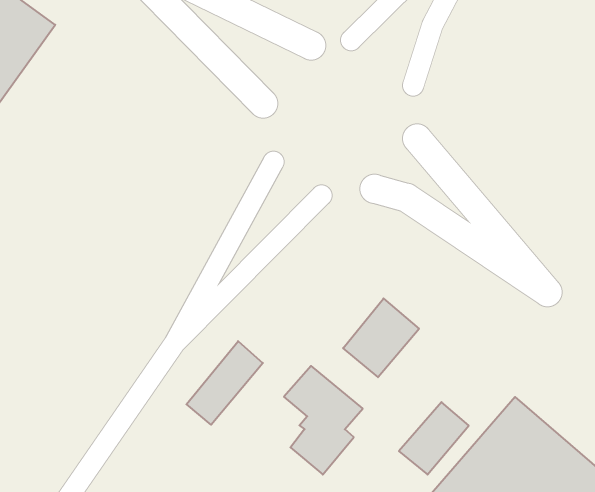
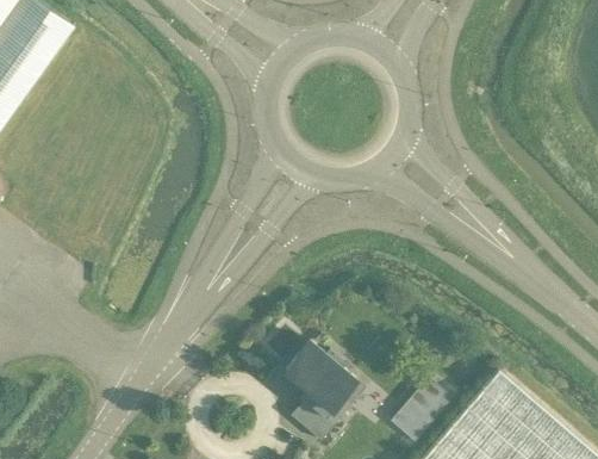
building: [343,298,419,377] -> none
building: [186,341,263,425] -> none

